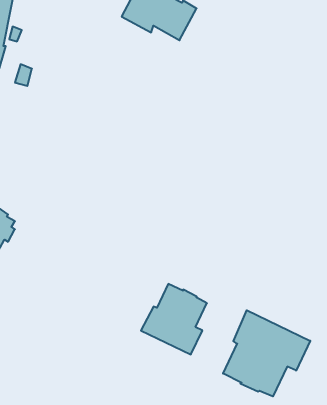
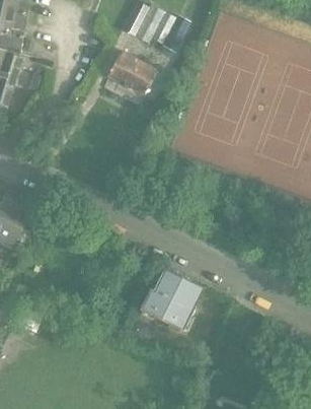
building: none -> [107,51,157,94]
building: [223,310,310,396] -> none

